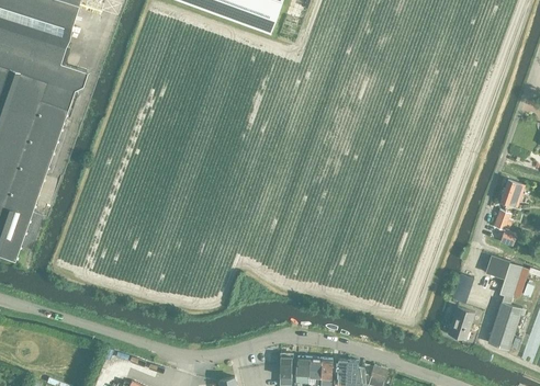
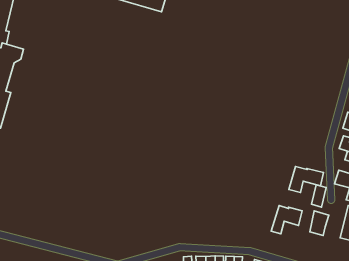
building: none -> [289,167,324,193]
building: none -> [271,206,302,234]

